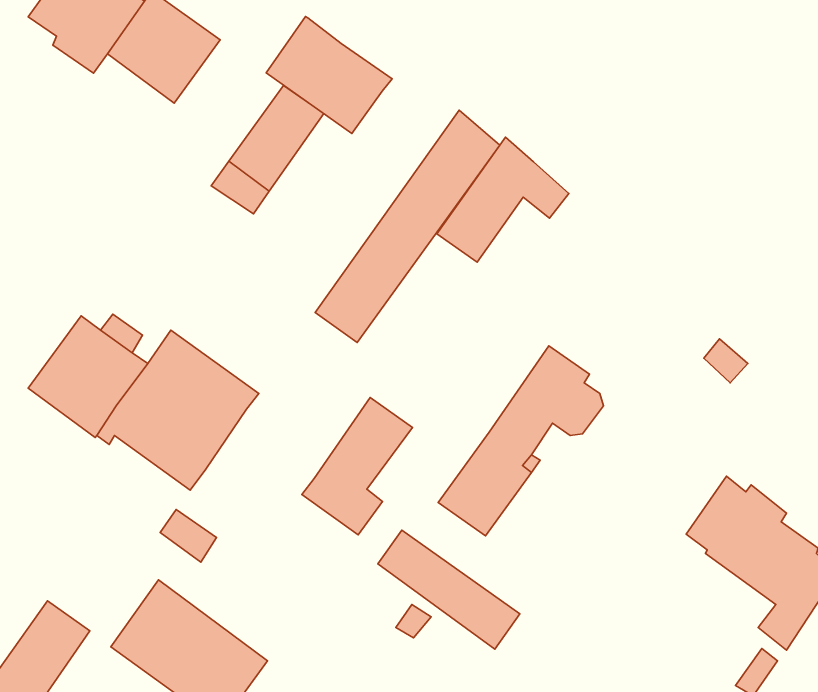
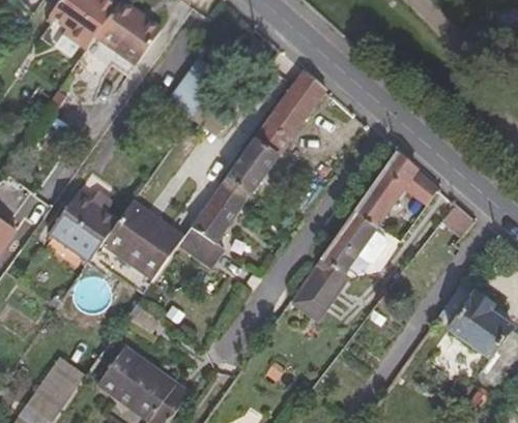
building: [266,17,392,133] -> none
building: [437,137,569,262] -> [355,151,433,224]
building: [302,398,413,535] -> [177,188,242,269]
building: [378,530,520,649] -> none

